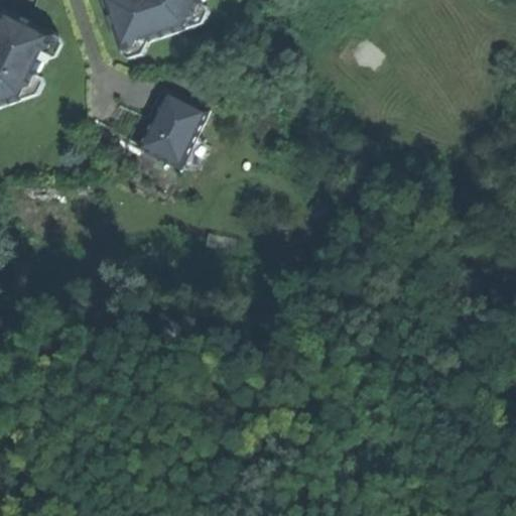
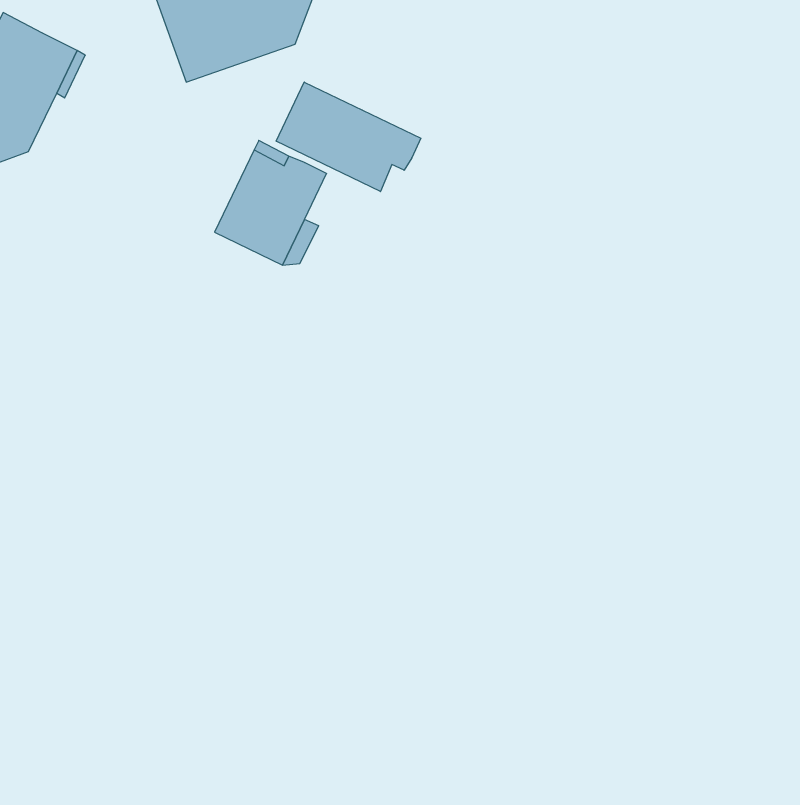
building: none -> [276,82,421,192]

